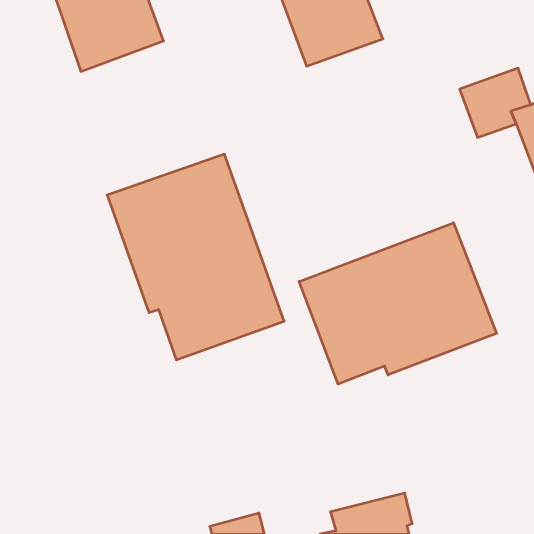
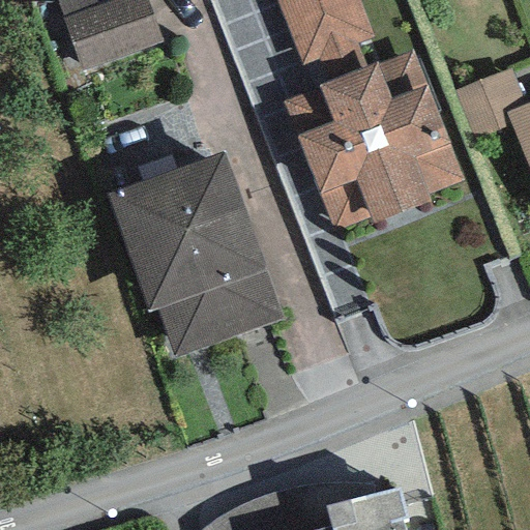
building: none -> [287,49,465,230]
building: [299,223,497,384] -> none

